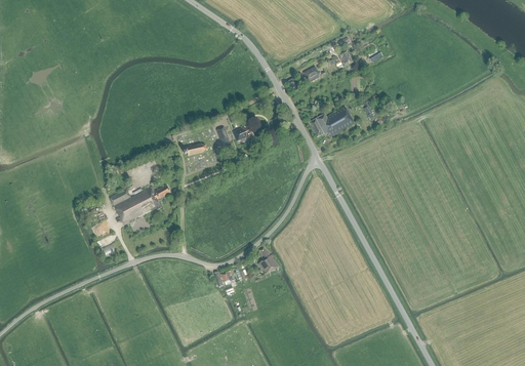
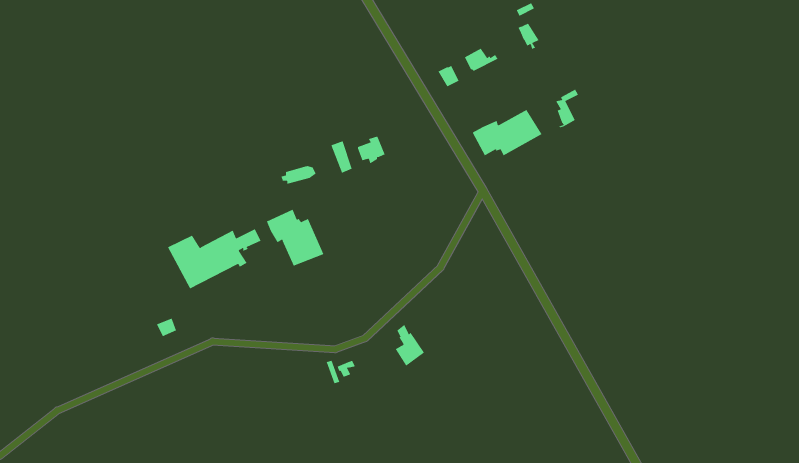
building: none -> [266,209,324,267]

